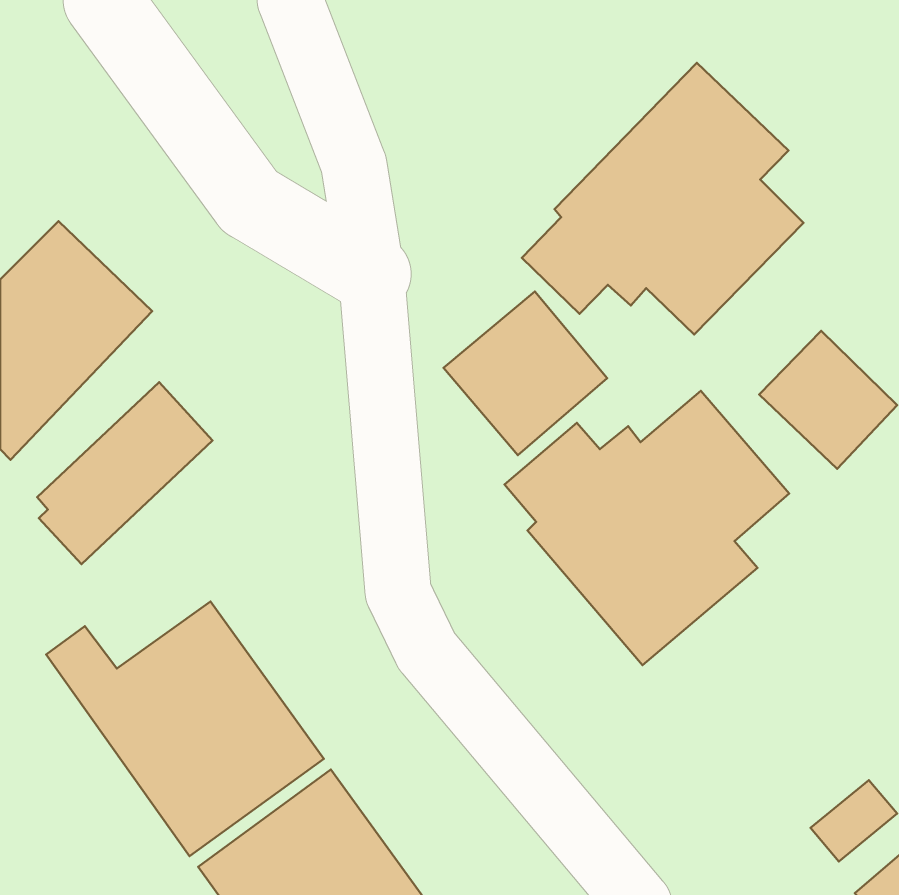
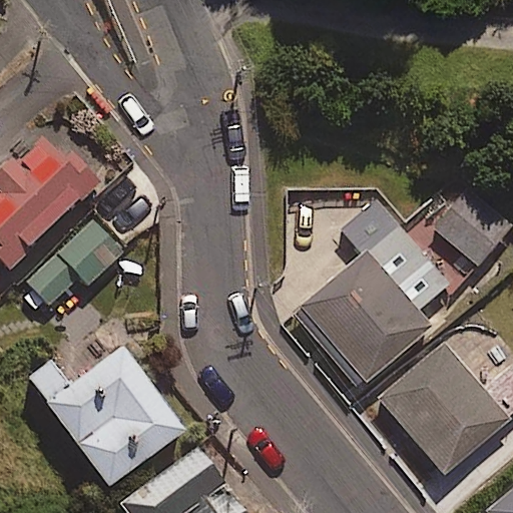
building: [522,63,804,335] -> none
building: [443,291,607,455] -> none
building: none -> [388,344,506,466]

